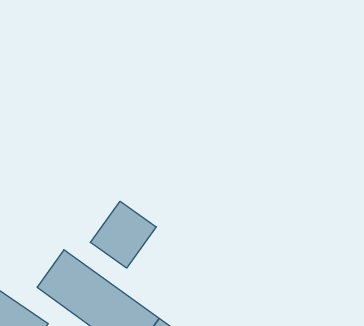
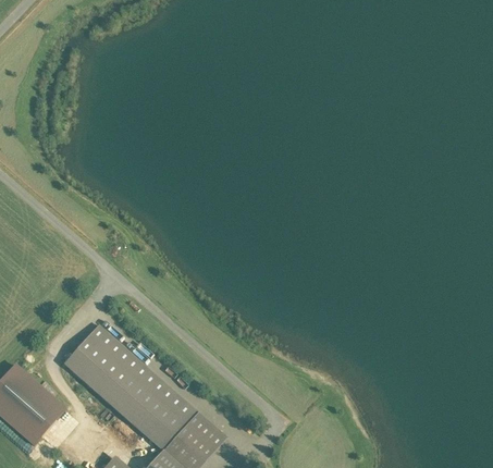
building: [90,201,156,268] -> none

